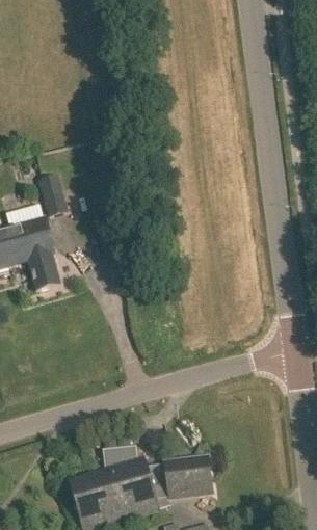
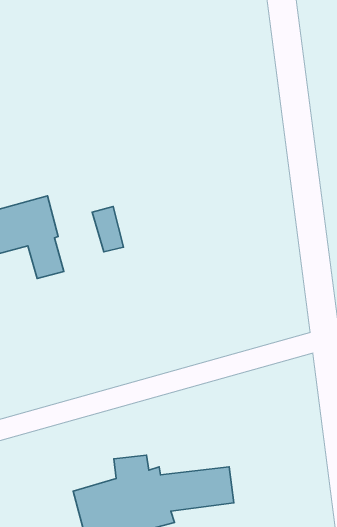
building: [38,176,67,216] -> [92,206,124,252]

